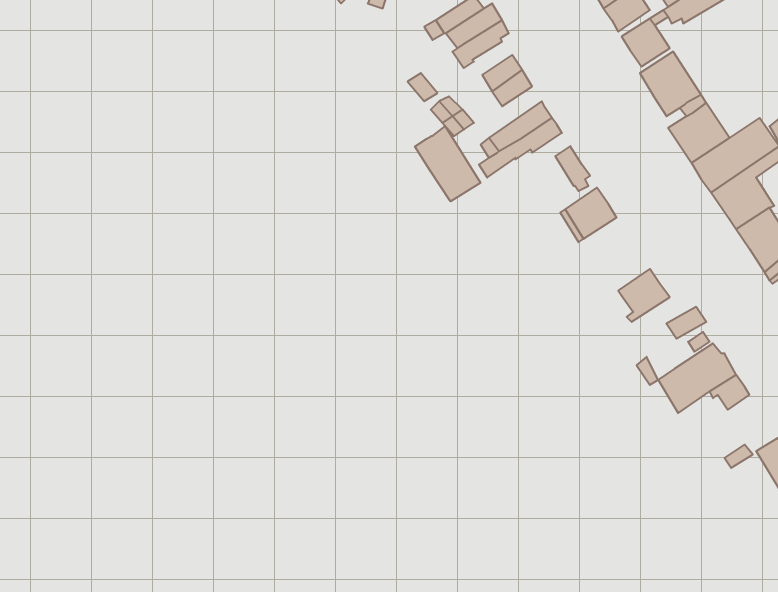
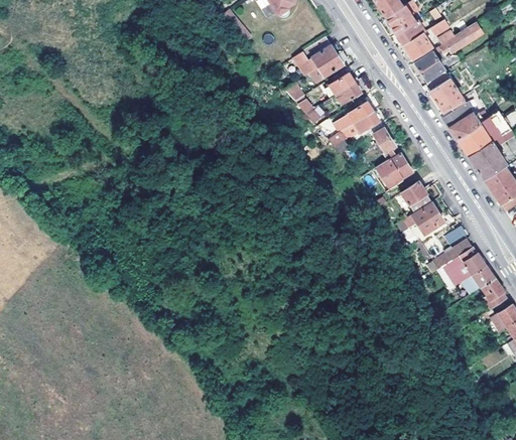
building: [415,126,480,201] -> none
building: none -> [402,182,431,211]
building: none -> [480,280,505,308]

